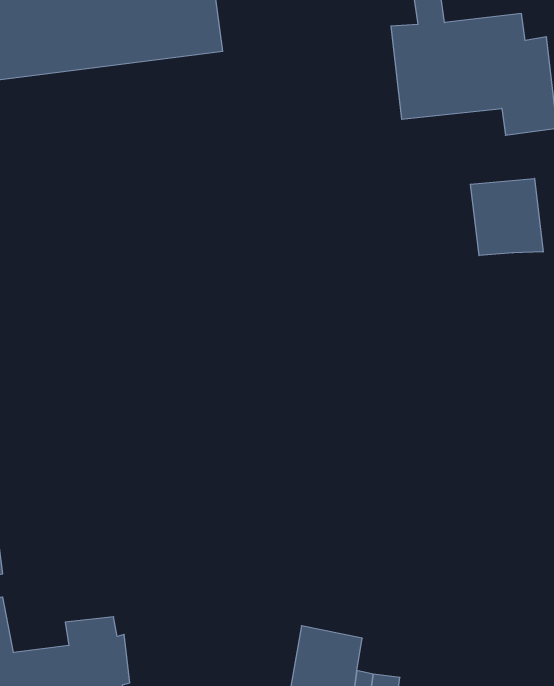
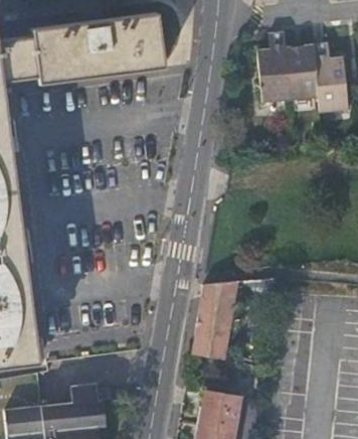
building: [470,178,543,256] -> none
building: none -> [195,281,231,358]

